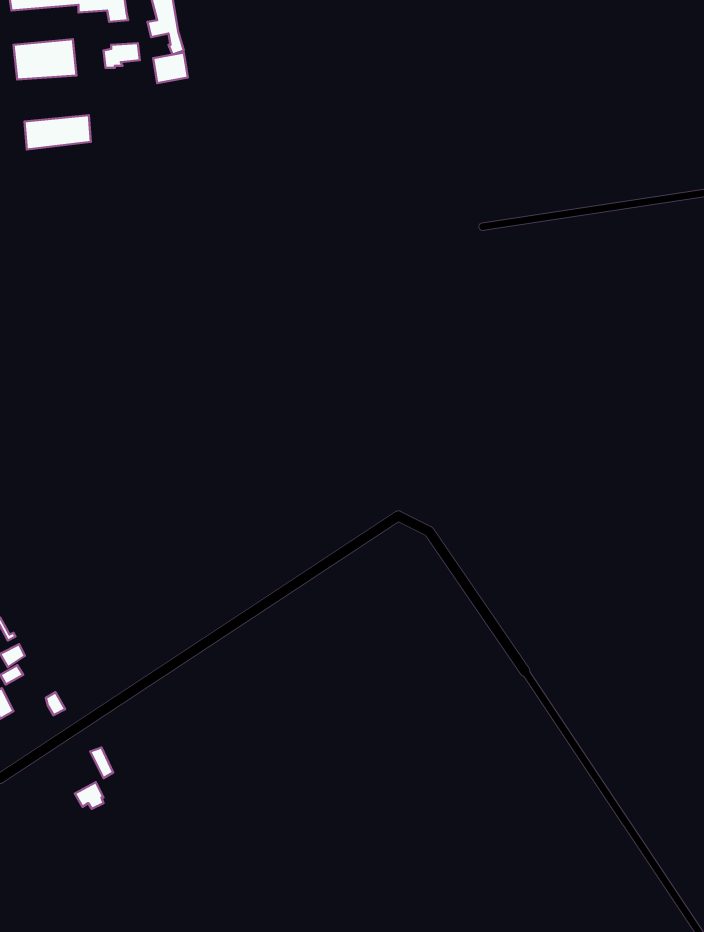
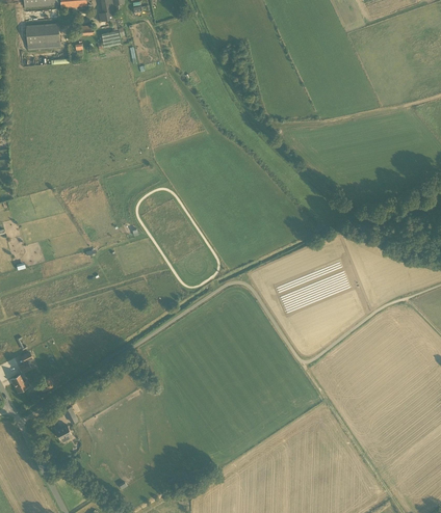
building: [24,115,91,149] -> none

